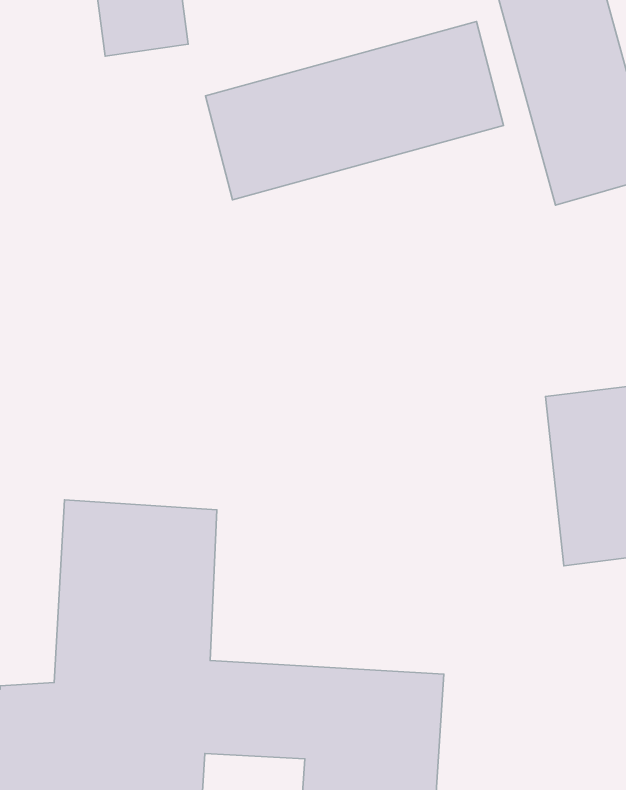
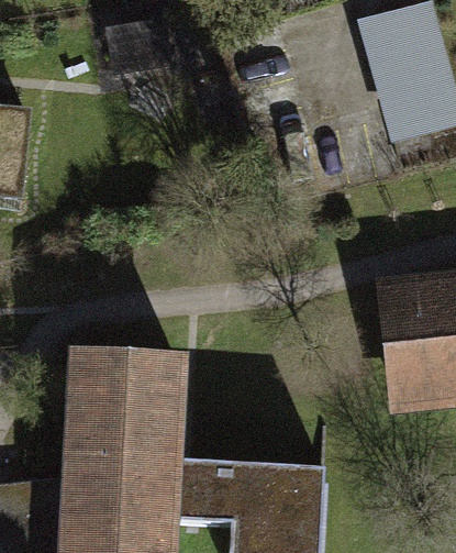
building: [206,21,503,200] -> none

